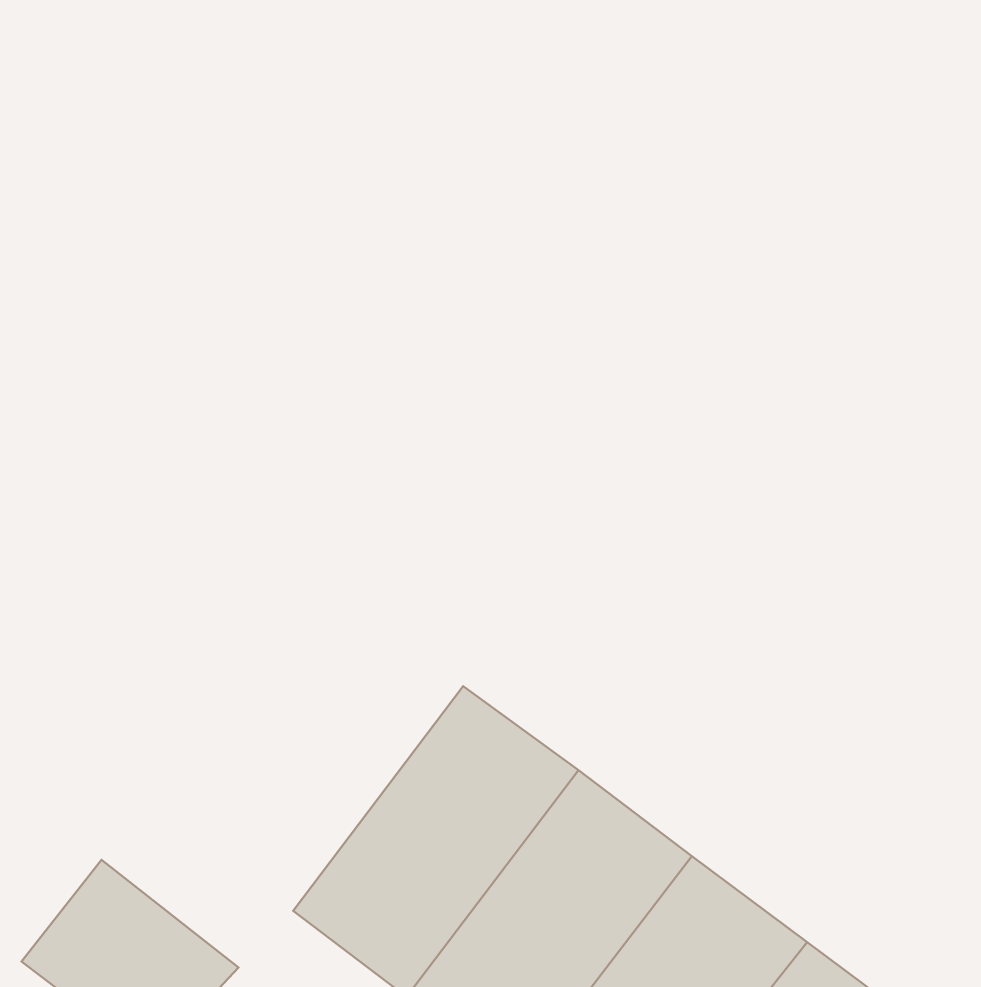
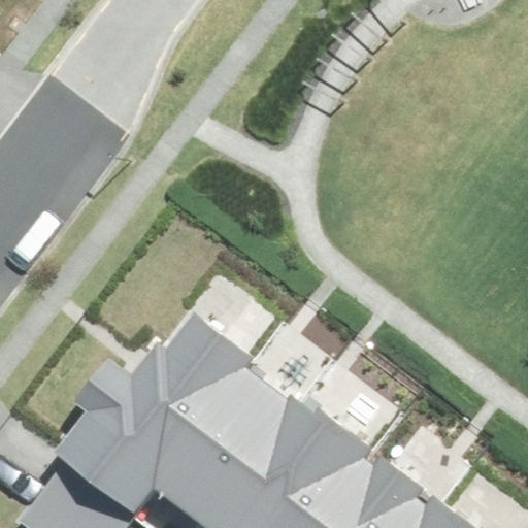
building: none -> [58,315,254,510]

